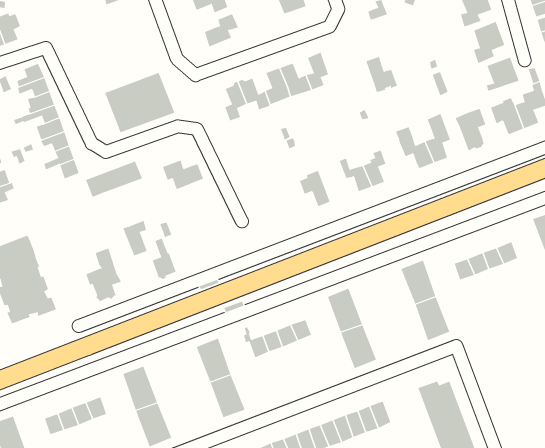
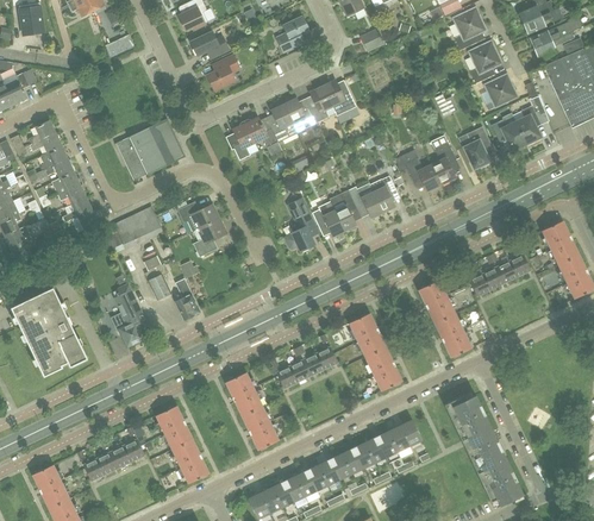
building: [366,56,398,93] -> [323,79,356,114]
building: none -> [330,189,357,231]
building: none -> [285,197,319,251]
building: none -> [193,218,226,256]

